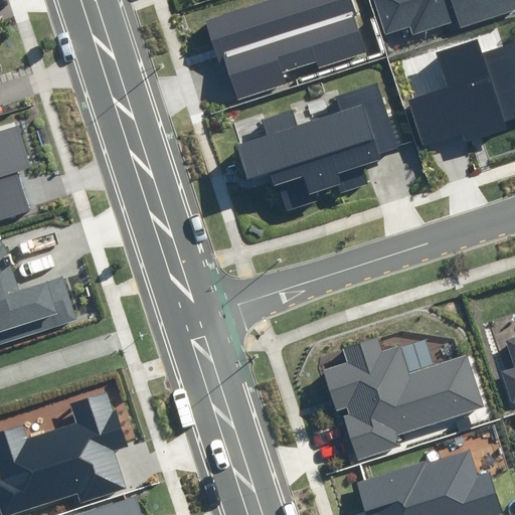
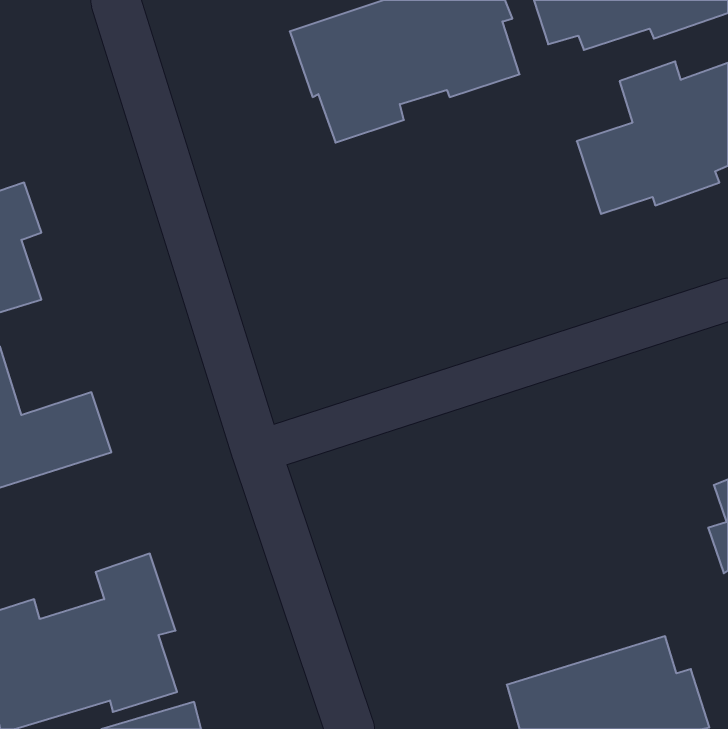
building: [234,77,404,205] -> none
building: [324,342,483,453] -> none

